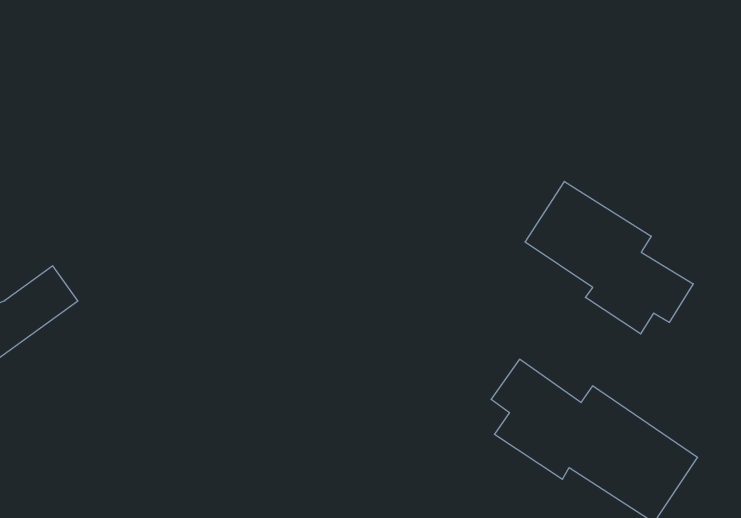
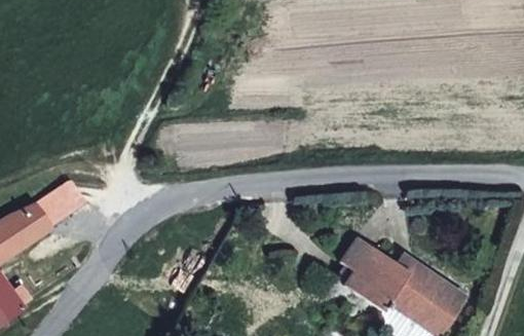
building: [525,181,693,334] -> none

